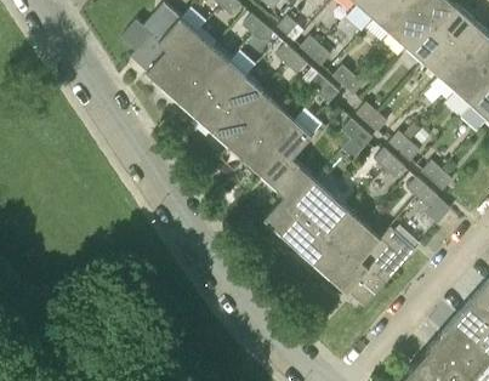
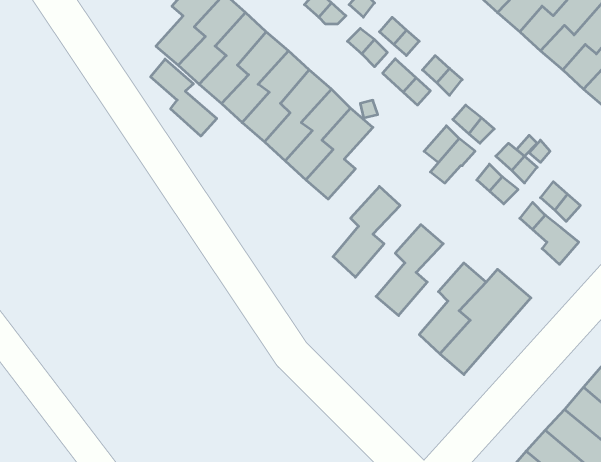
building: none -> [151,59,217,136]
building: [261,110,322,191] -> none
building: [282,181,331,250] -> none
building: [314,210,364,279] -> none

